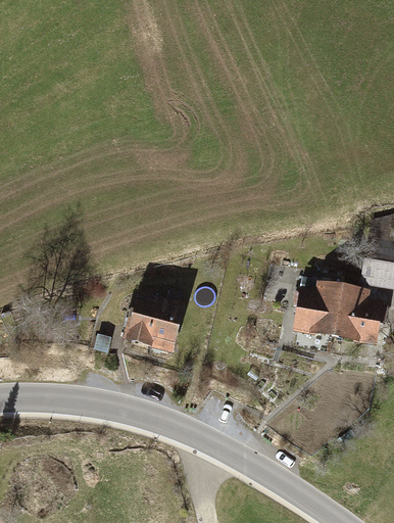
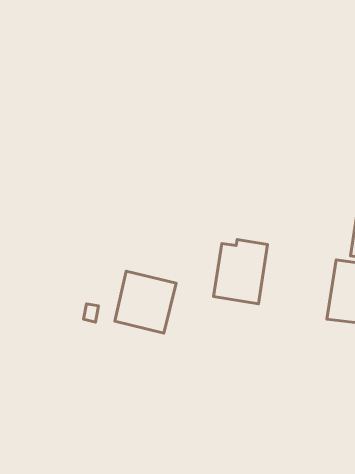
building: [292,279,346,343] -> [214,239,268,304]

